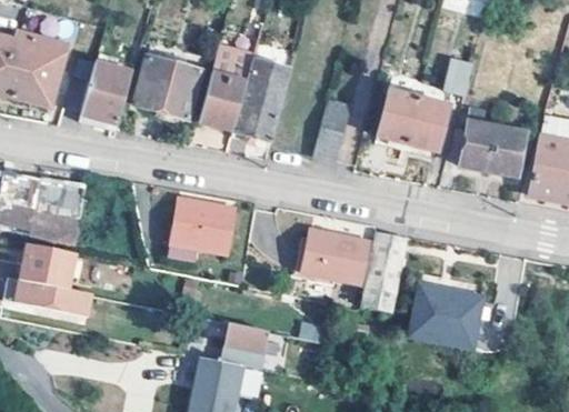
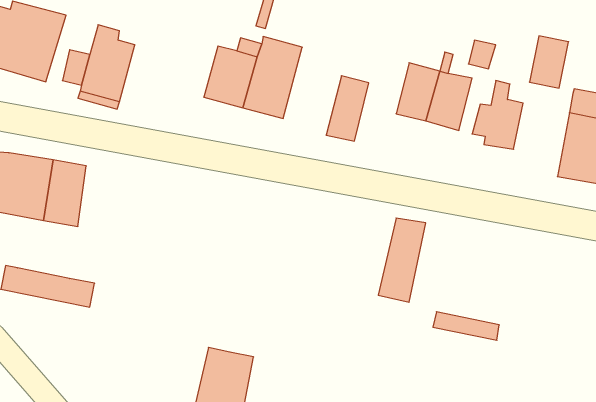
building: [134,52,201,118] -> none
building: [487,125,523,174] -> [529,36,569,88]
building: [163,207,236,265] -> none
building: [301,234,369,288] -> none
building: [22,243,78,290] -> none
building: [415,287,481,333] -> none
building: [221,322,311,363] -> none

